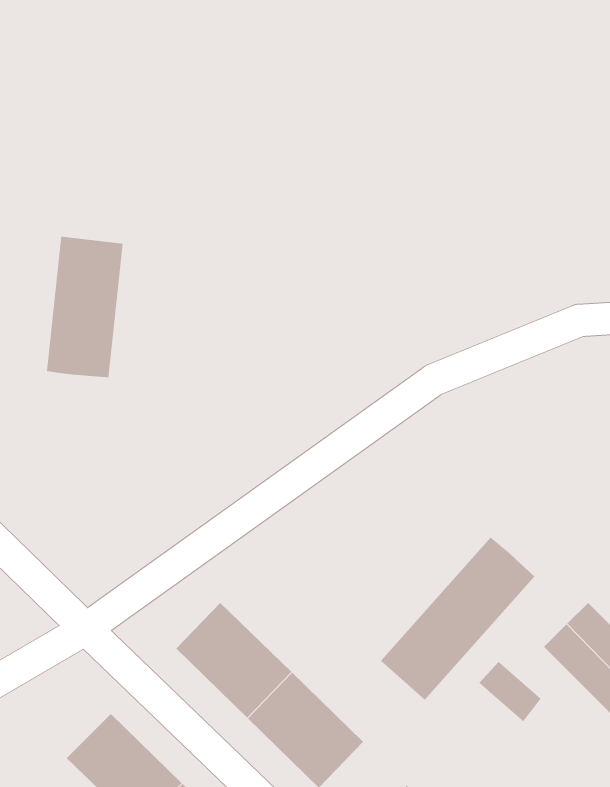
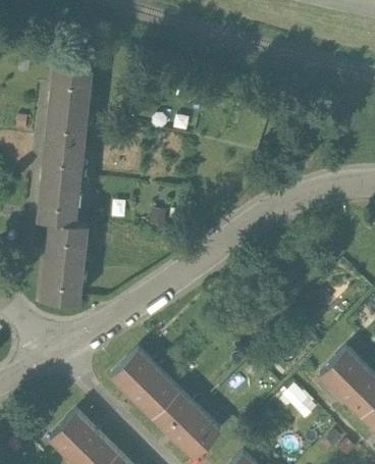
building: none -> [45,61,93,144]
building: none -> [41,218,88,299]
building: [380,535,535,700] -> none

